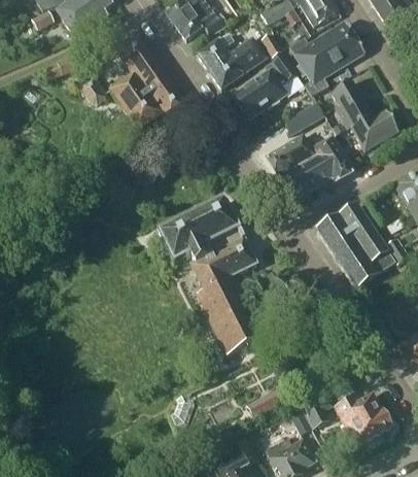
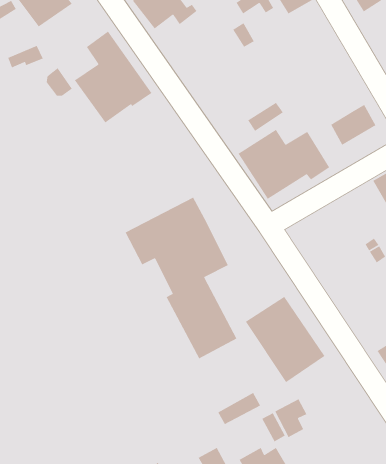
building: [288,23,363,96] -> none
building: [197,33,266,89] -> none
building: [232,54,297,121] -> none
building: [333,81,374,130] -> none
building: [317,204,394,287] -> [245,296,326,383]
building: [334,394,391,445] -> none

